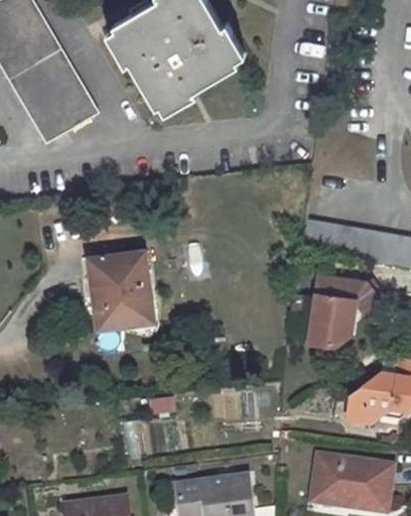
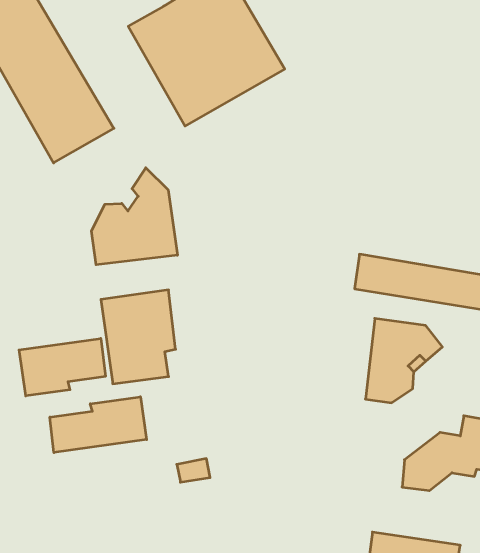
building: none -> [91,168,177,265]
building: none -> [19,338,105,396]
building: none -> [50,397,147,453]

